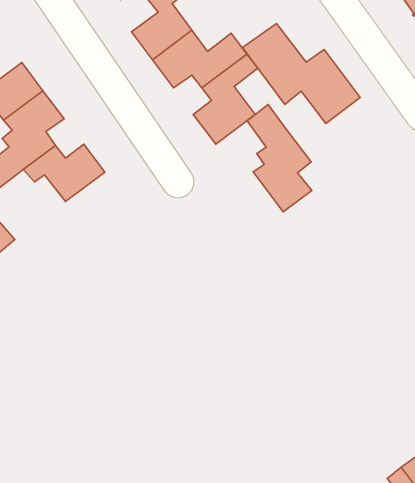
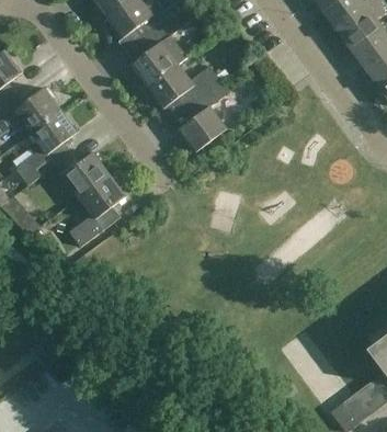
building: [243,23,360,123] -> none
building: [247,105,312,212] -> none
building: none -> [69,173,126,247]

